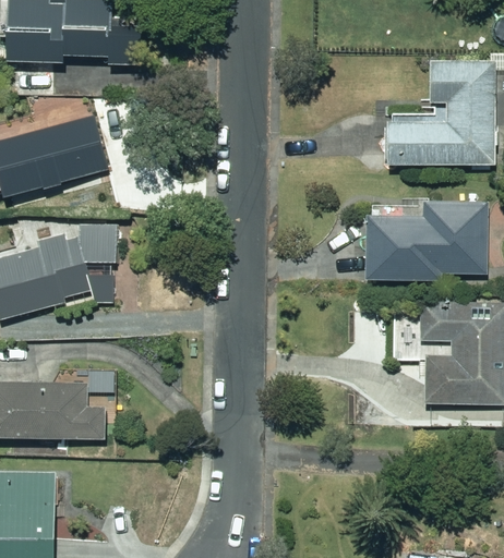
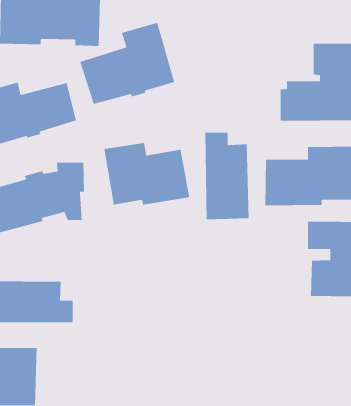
building: none -> [79,22,175,105]
building: none -> [205,132,249,220]
building: none -> [104,142,190,205]

